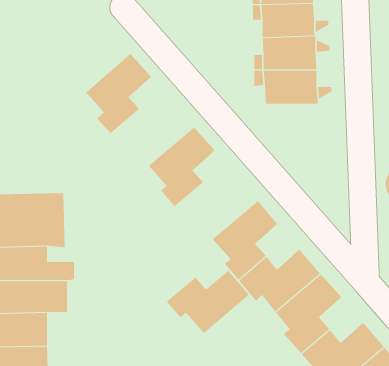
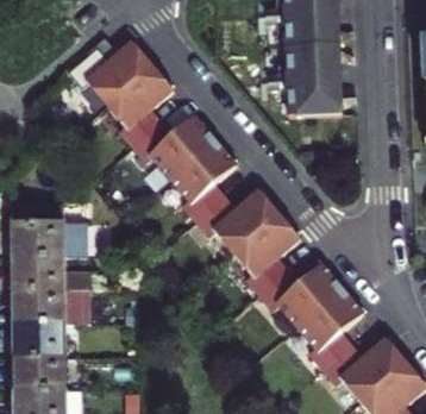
building: none -> [67,40,150,105]
building: none -> [130,114,214,178]
building: [166,270,250,334] -> [194,188,278,252]

